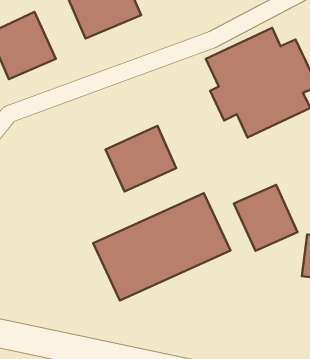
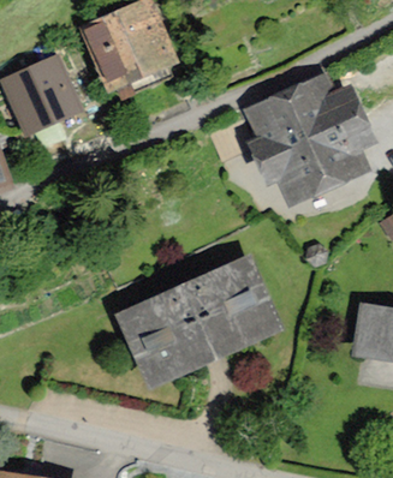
building: [106,126,176,191] -> none
building: [234,185,297,251] -> none

